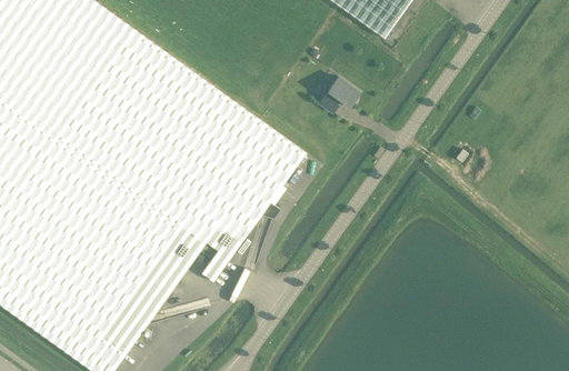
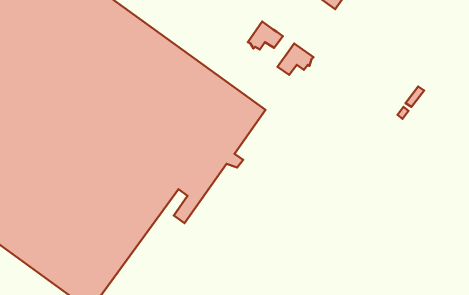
building: none -> [248,22,283,50]

